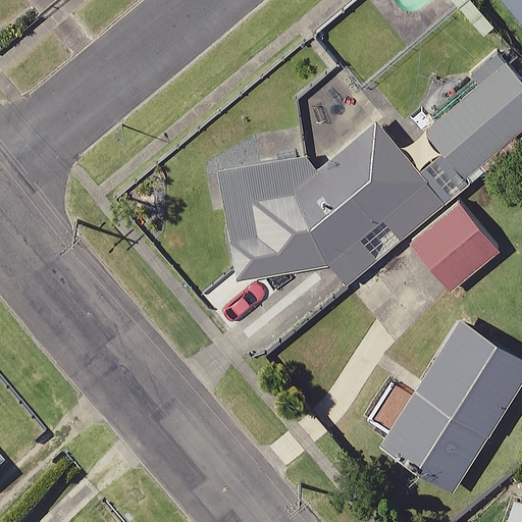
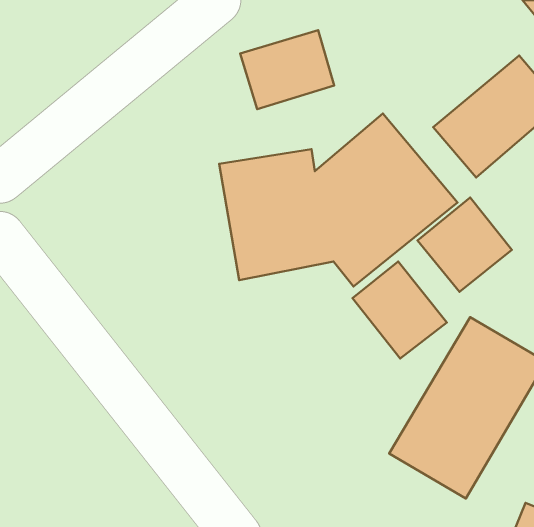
building: none -> [240,30,334,109]
building: none -> [353,262,447,359]

